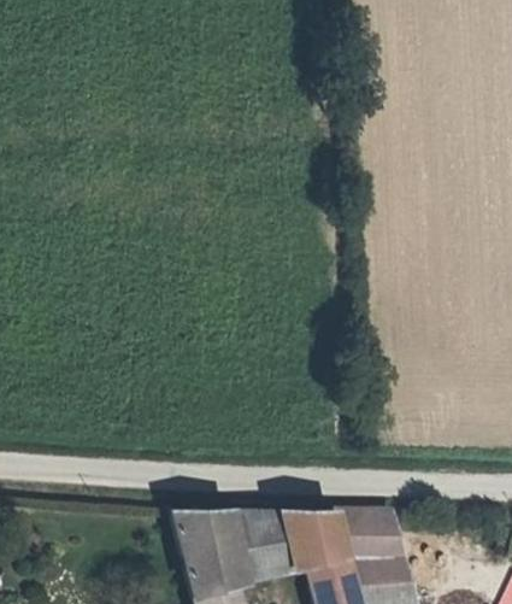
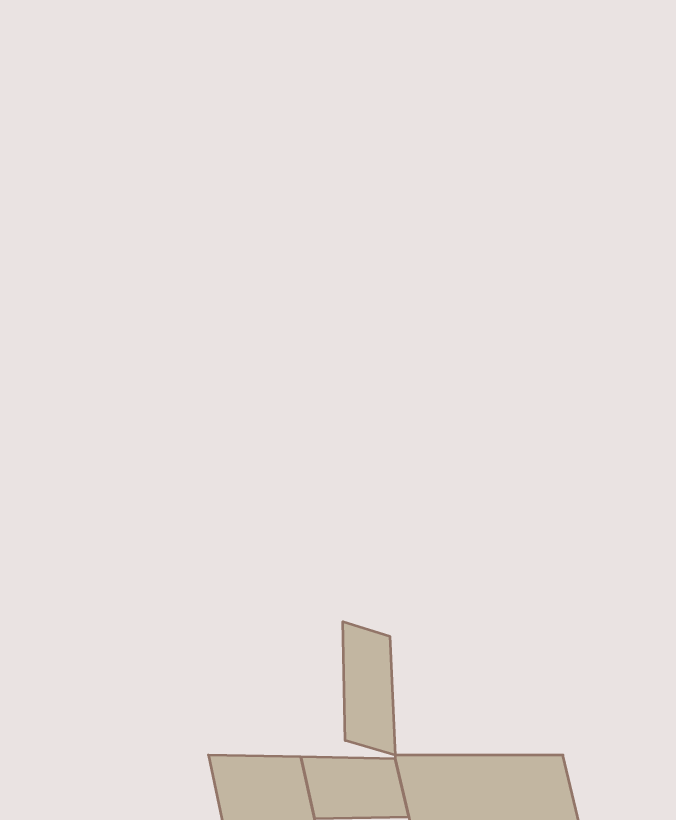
building: none -> [343,622,395,755]

